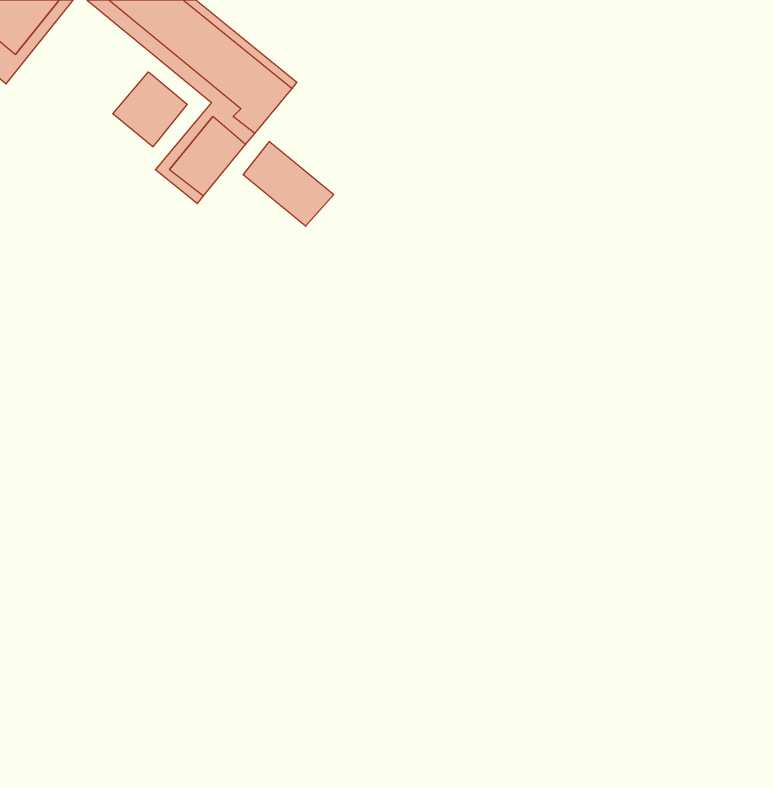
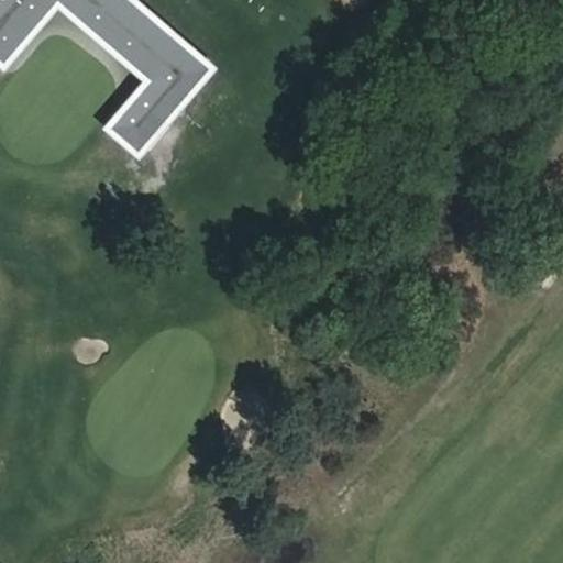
building: [113,72,187,147] -> none
building: [243,141,334,226] -> none

